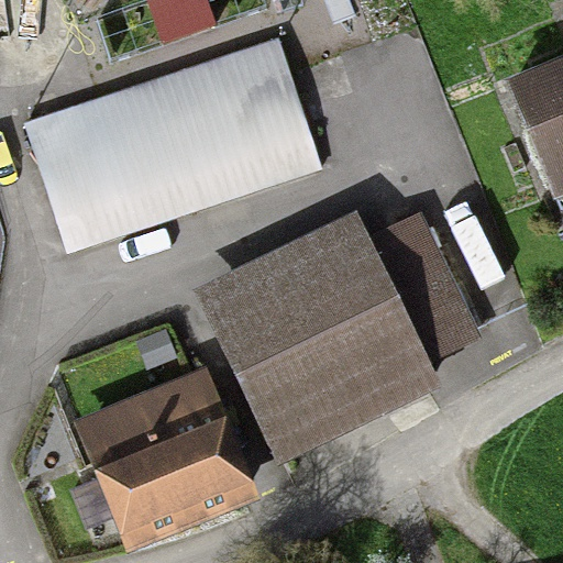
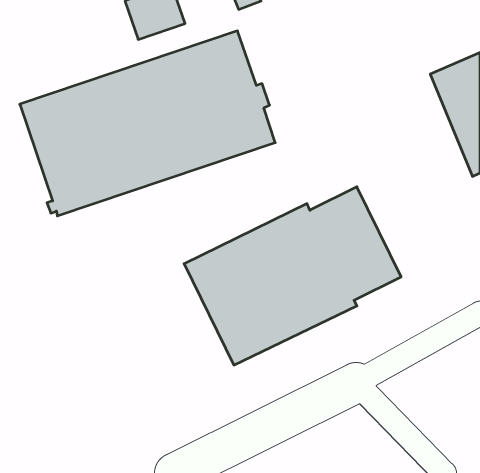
building: [84,377,243,539] -> none

